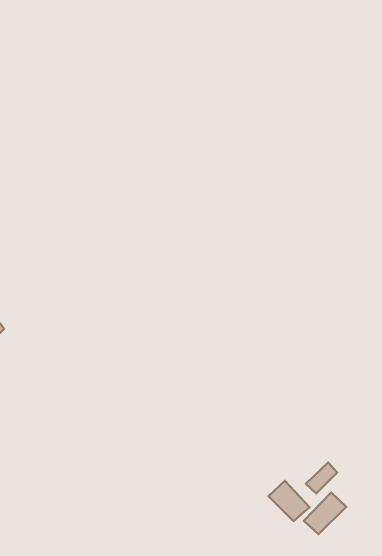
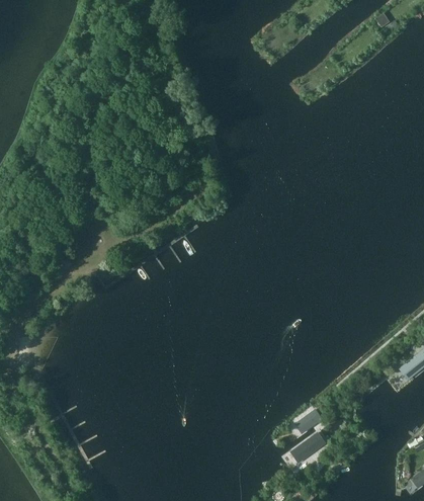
building: [268,481,309,521] -> none

